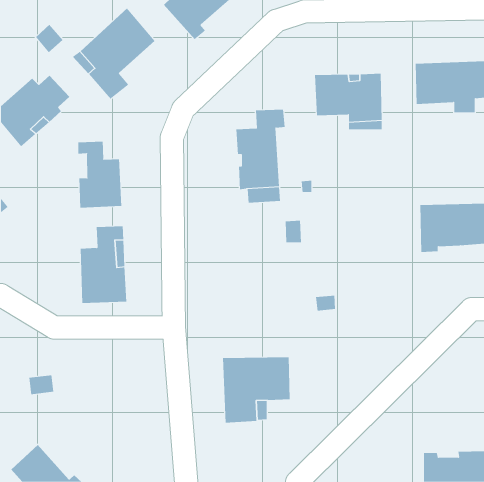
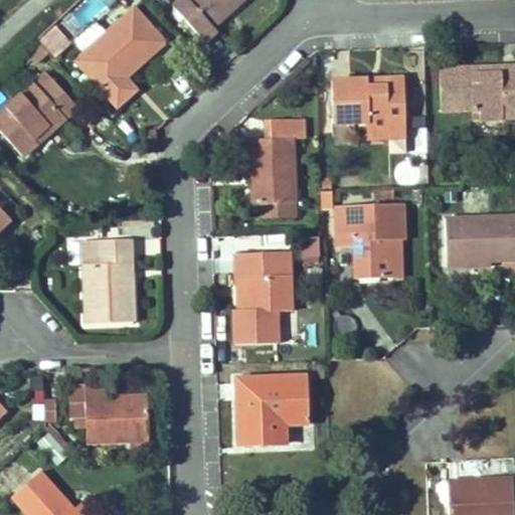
building: [78,141,122,208] -> none
building: none -> [337,203,402,278]
building: none -> [234,252,293,343]
building: none -> [68,389,149,442]

